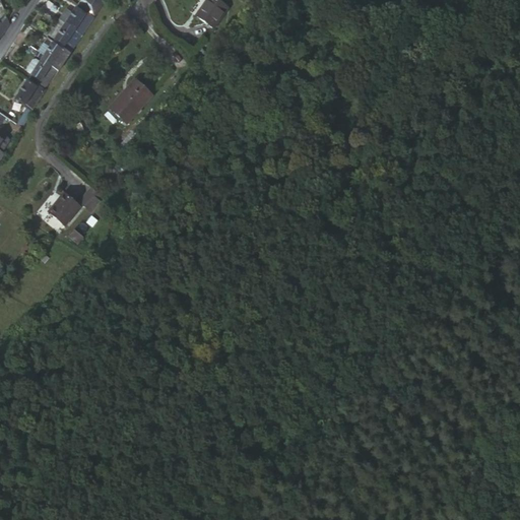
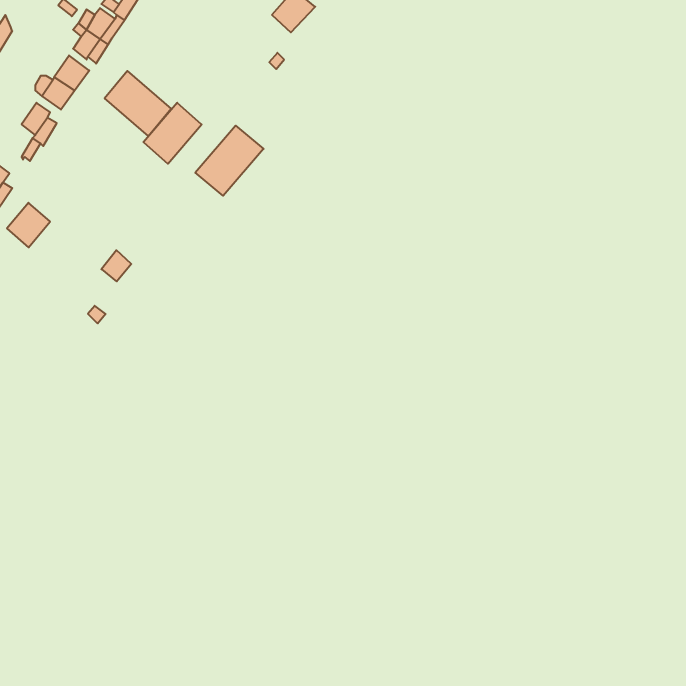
building: none -> [105,71,171,136]
building: none -> [195,126,264,196]
building: [45,193,77,226] -> [7,203,50,247]

